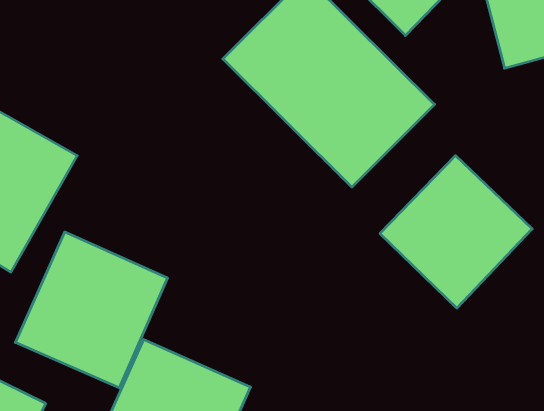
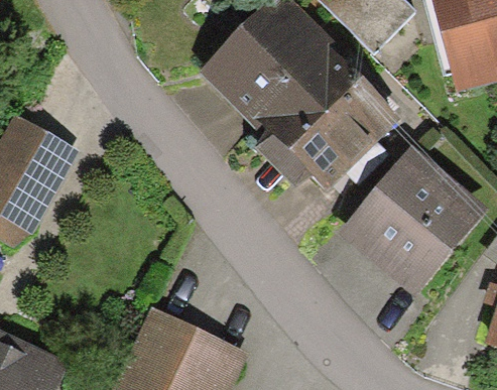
building: [15,232,167,388] -> none

